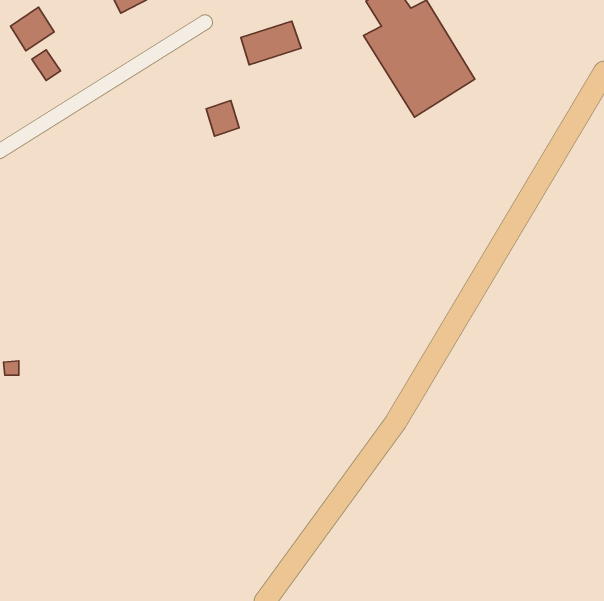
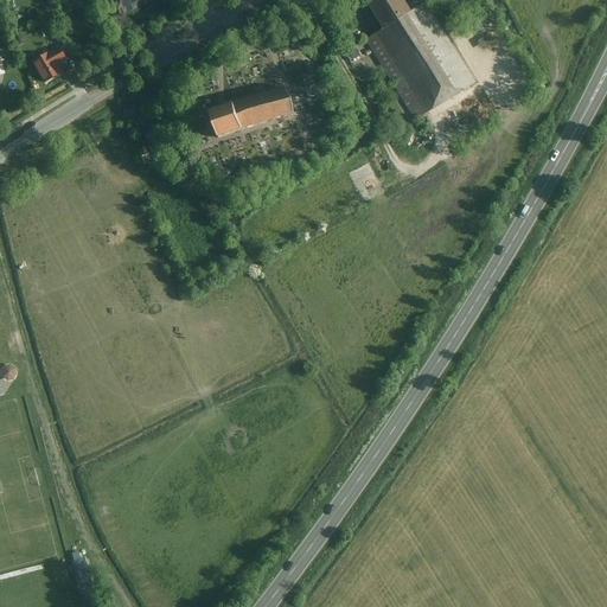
building: [10,7,54,51] -> none
building: [241,21,301,65] -> [231,84,292,128]

